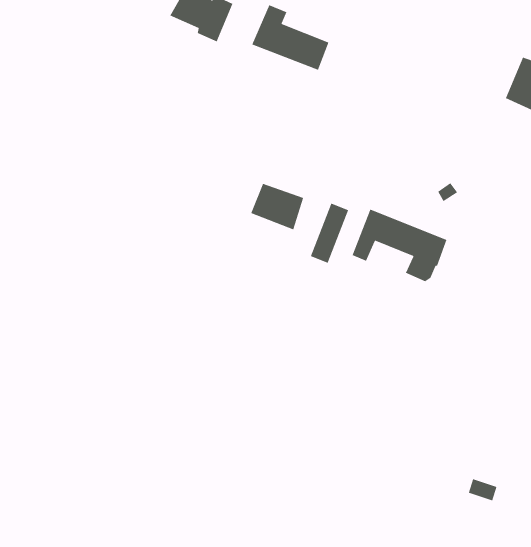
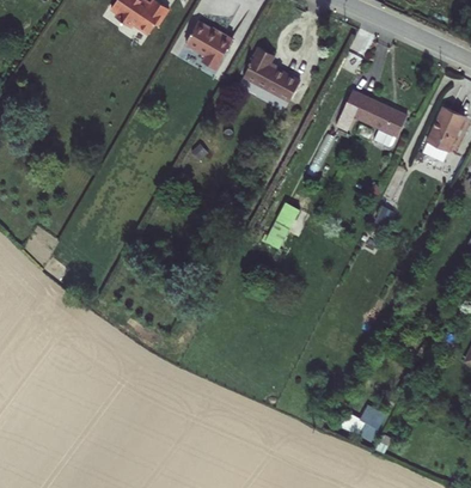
building: [250,183,304,231] -> none
building: [351,208,448,282] -> [334,89,406,148]

